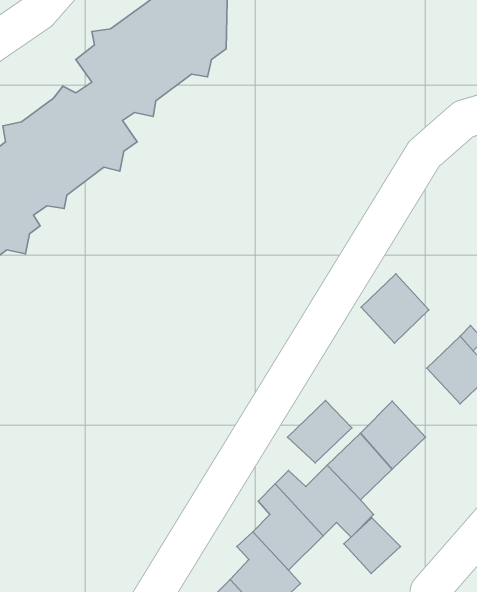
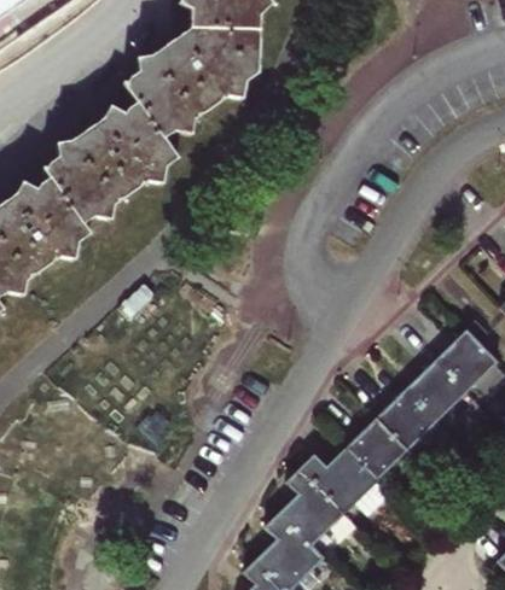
building: [361,274,429,343] -> [408,362,470,425]
building: [287,400,352,463] -> none
building: [344,518,400,574] -> none

